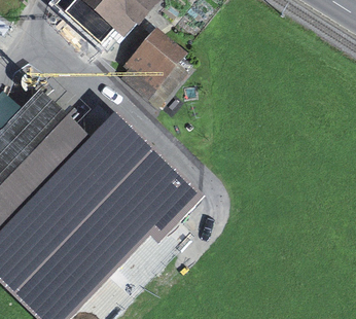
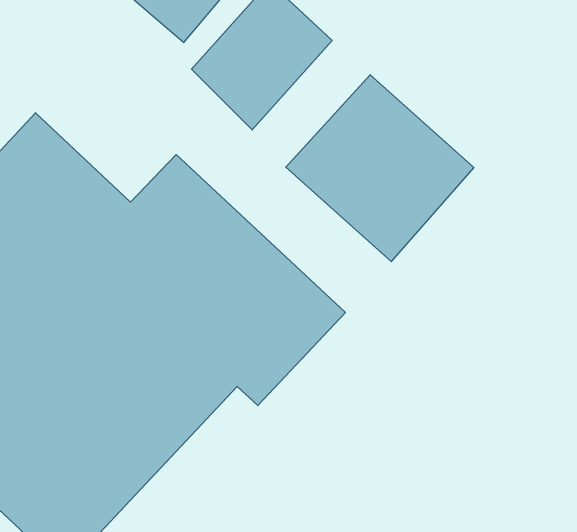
building: none -> [286,75,474,262]

